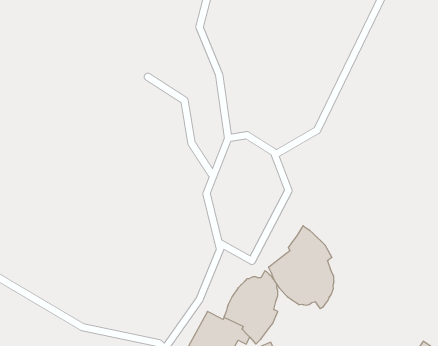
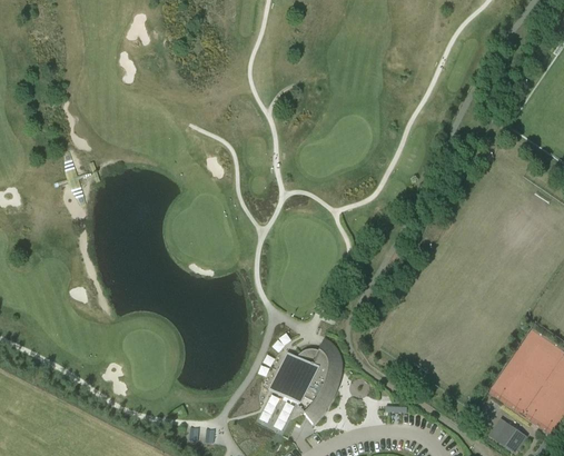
building: [269,226,334,309] -> none

